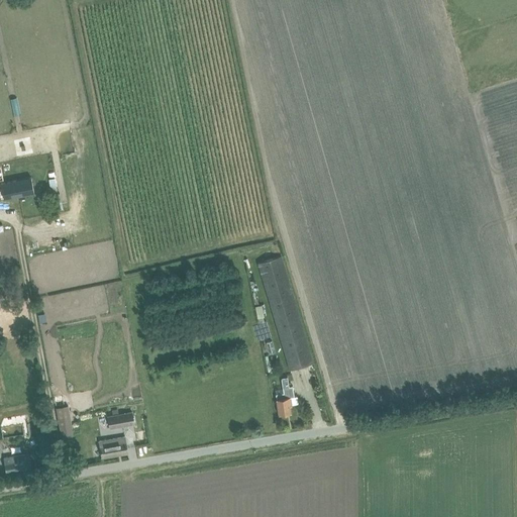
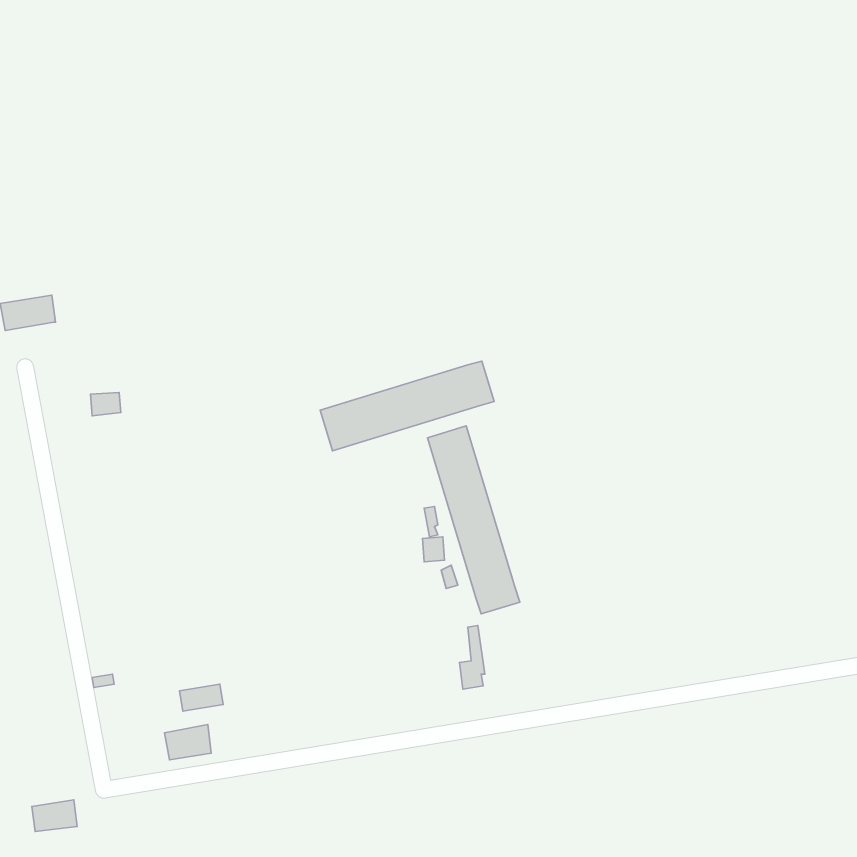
building: none -> [320,361,494,451]
building: [4,454,31,474] -> [32,800,77,832]

